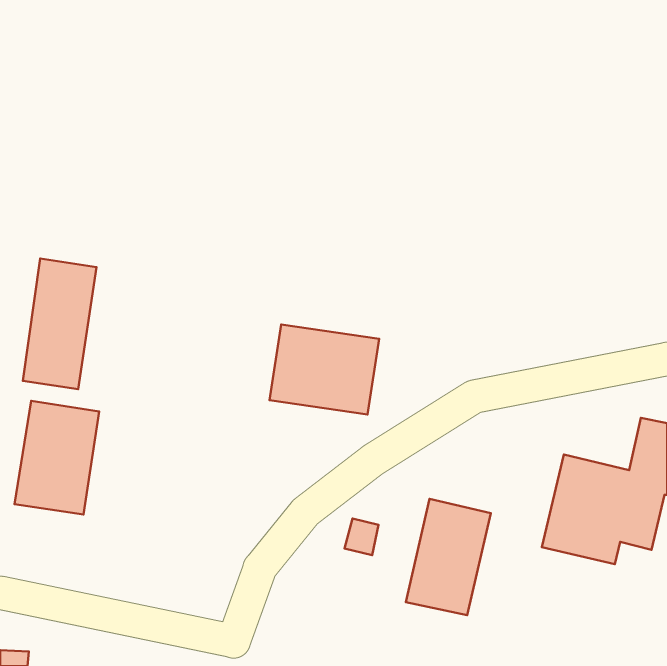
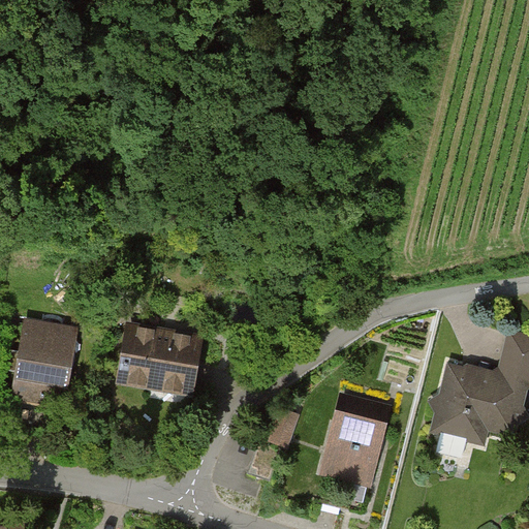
building: [23,258,97,389] -> none
building: [270,325,379,415] -> [117,322,204,394]

